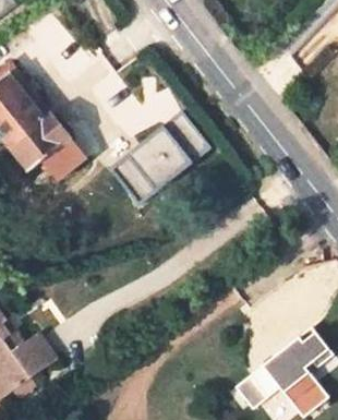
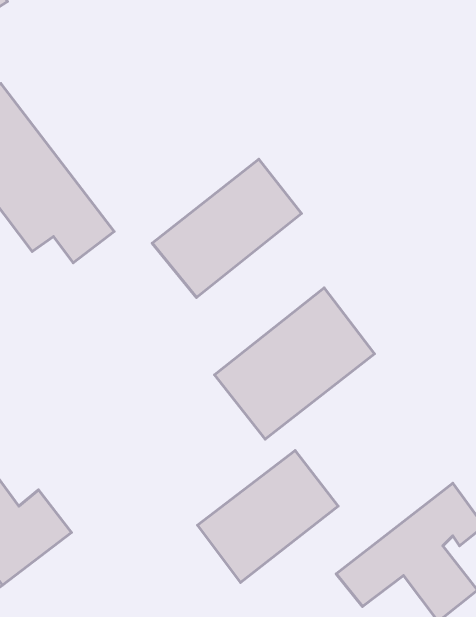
building: none -> [215,288,374,439]
building: none -> [198,451,338,582]

